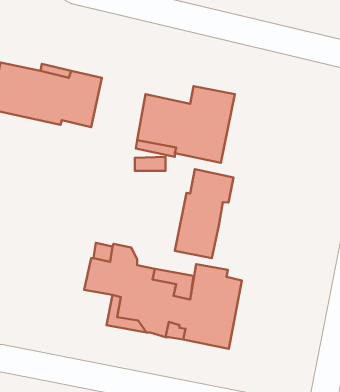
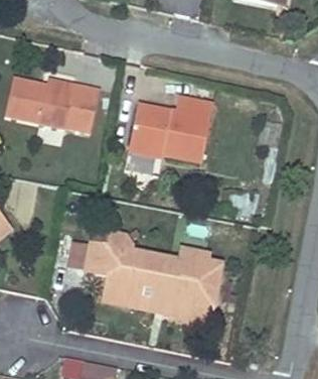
building: [175,169,233,258] -> none

